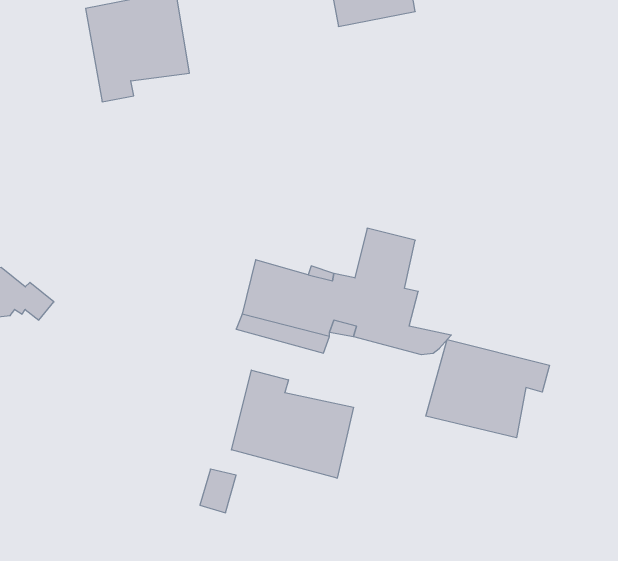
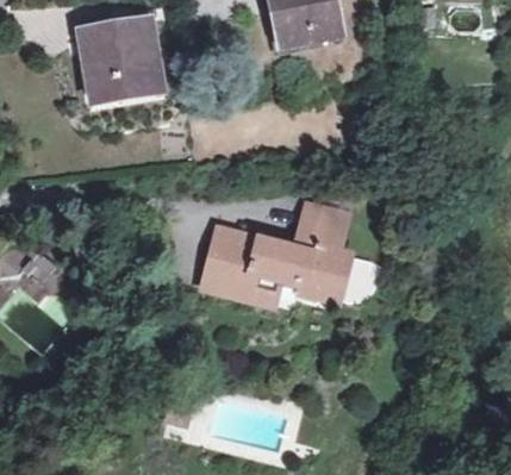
building: [426,340,549,438] -> none
building: [231,370,353,478] -> none

